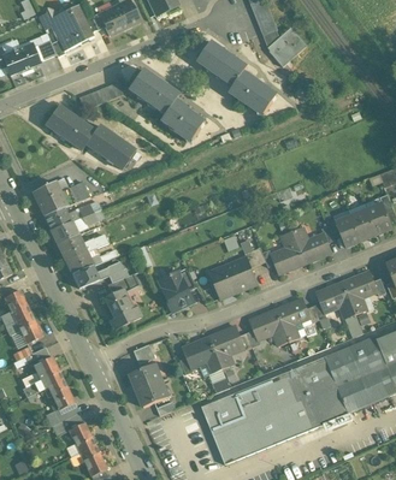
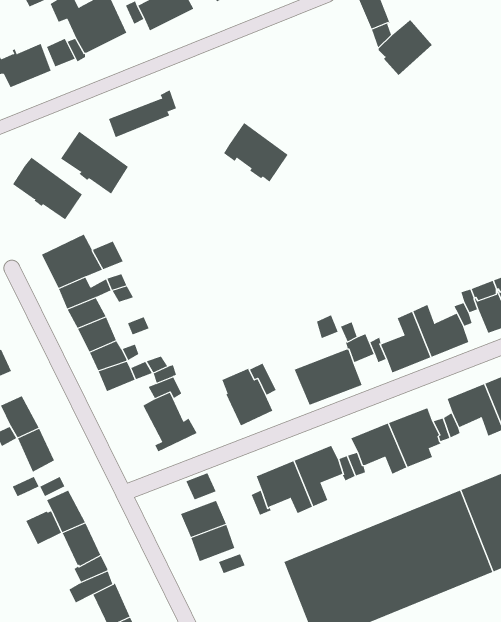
building: [196,41,277,113] -> none
building: [126,69,177,114] -> none
building: [84,124,134,168] -> [12,157,83,220]

